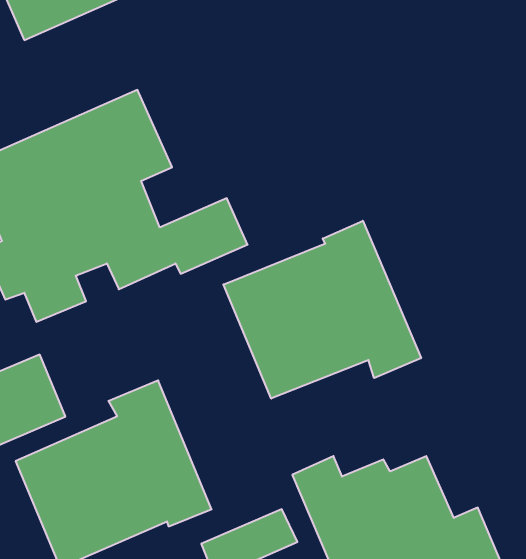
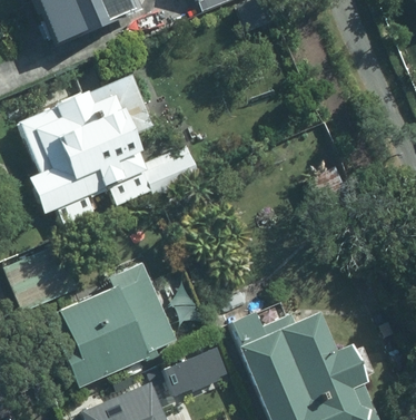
building: [223,221,421,399] -> none

